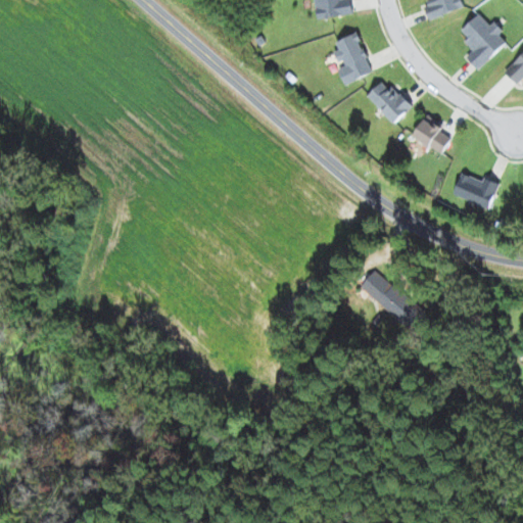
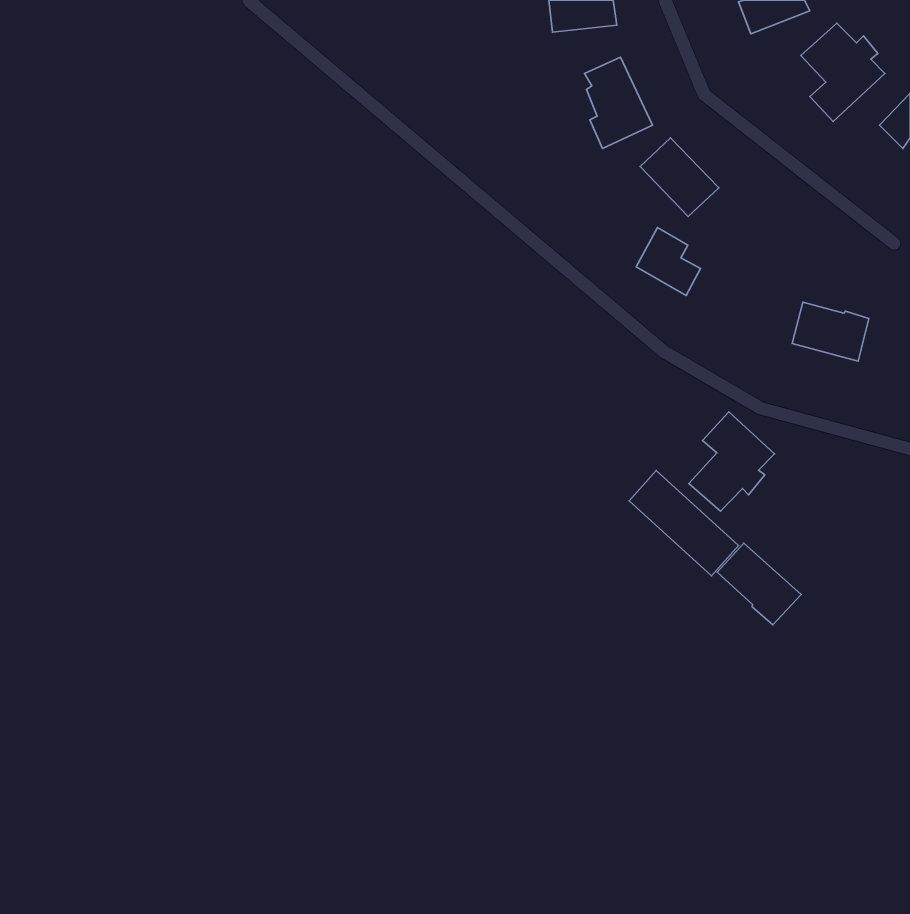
building: [413,114,449,153] -> [636,227,700,295]
building: none -> [689,412,774,511]
building: none -> [717,543,801,625]

